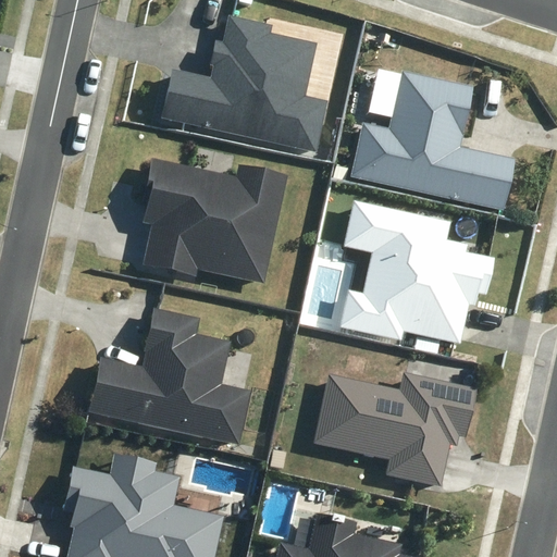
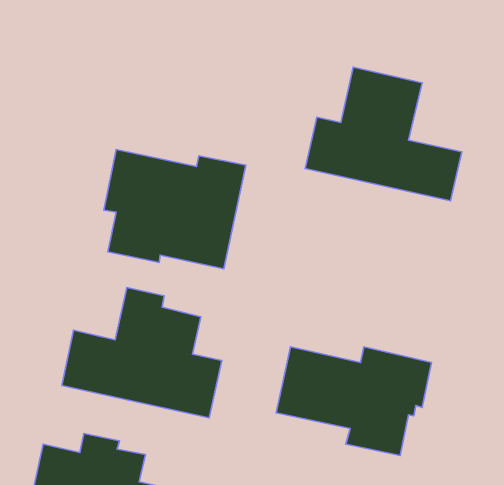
building: [162,14,329,151] -> none
building: [342,201,493,344] -> none

